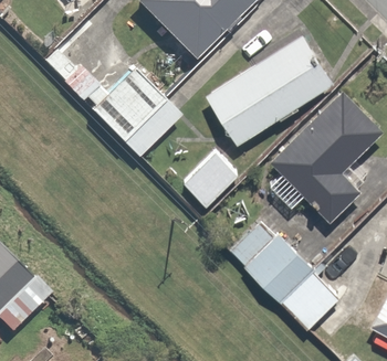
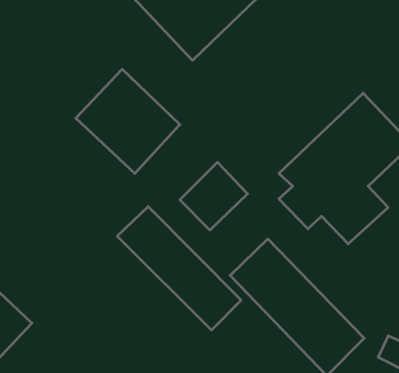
building: [206,29,335,139] -> none
building: none -> [117,206,241,330]

